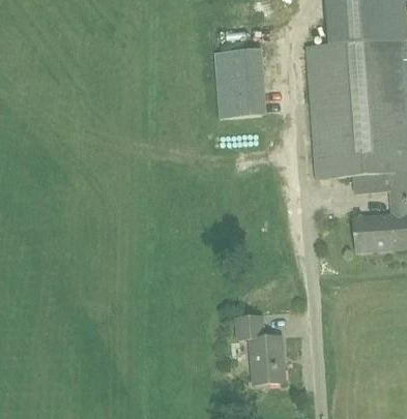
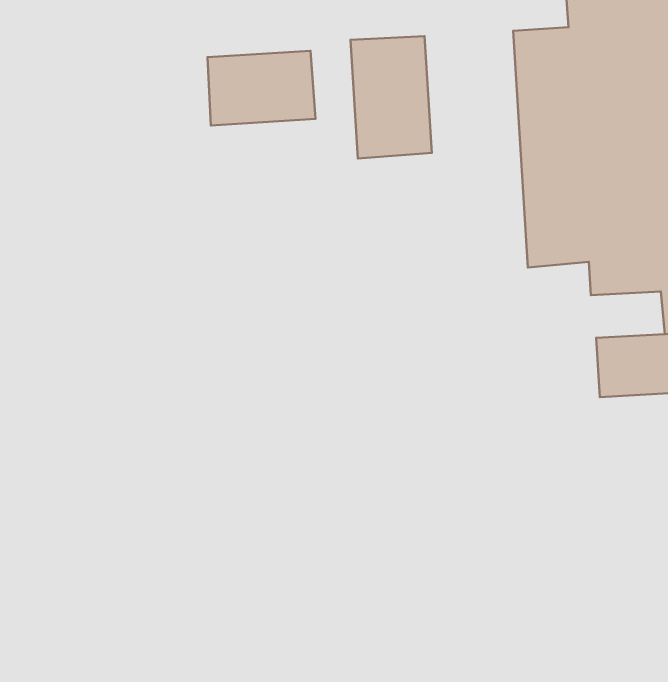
building: none -> [207,51,315,125]
building: [237,316,286,383] -> none

